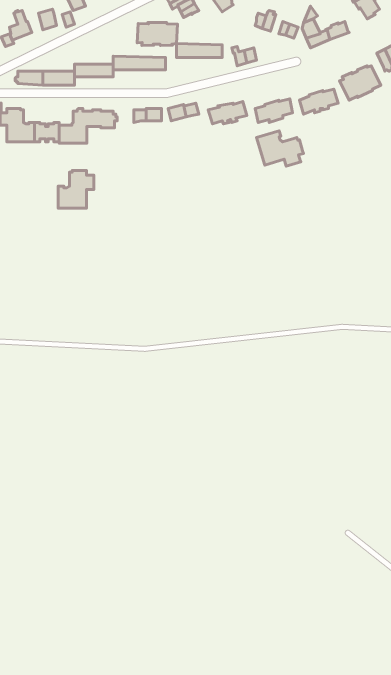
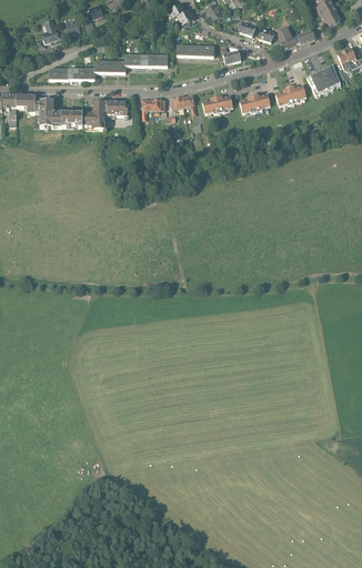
building: [137,23,177,45] -> none
building: [256,131,303,166] -> none
building: [58,170,94,208] -> none

